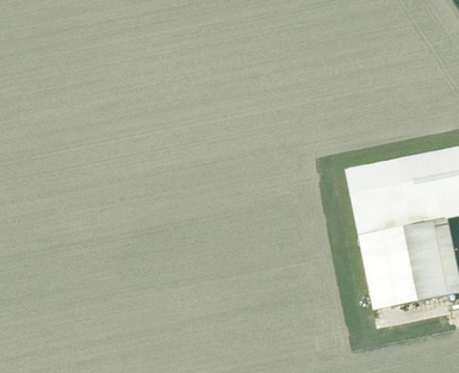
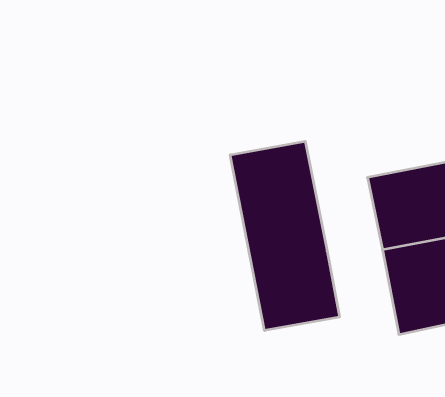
building: none -> [230,141,339,331]

